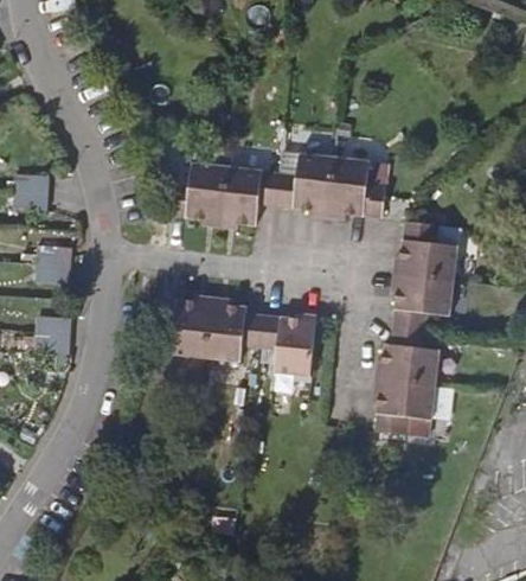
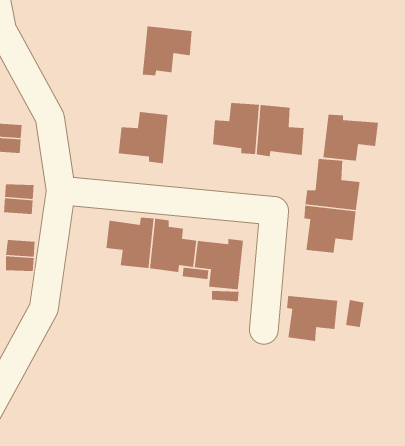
building: none -> [323,114,379,161]
building: [223,168,282,228] -> [142,26,192,76]
building: [367,327,431,385] -> none

